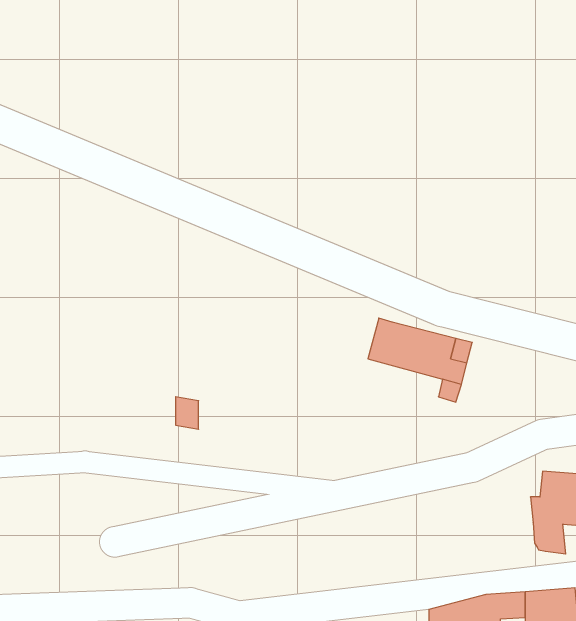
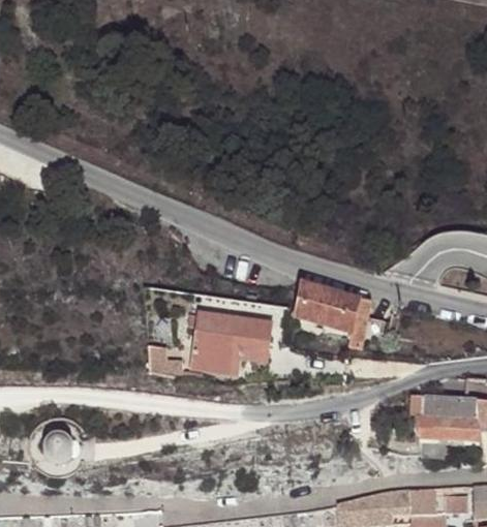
building: none -> [194,312,273,371]

